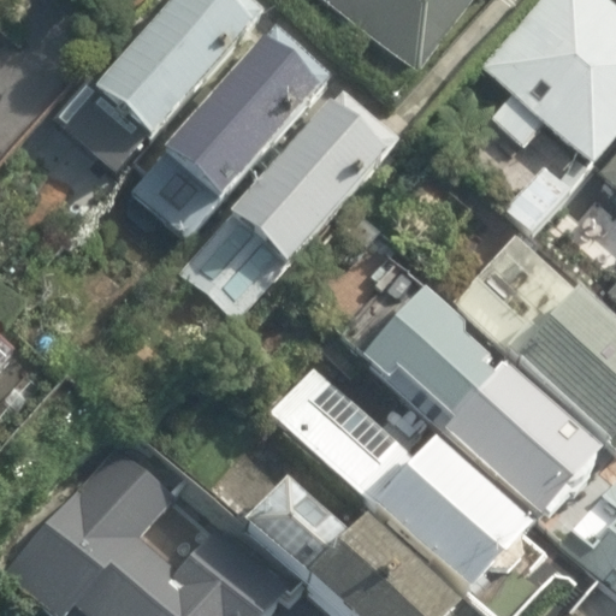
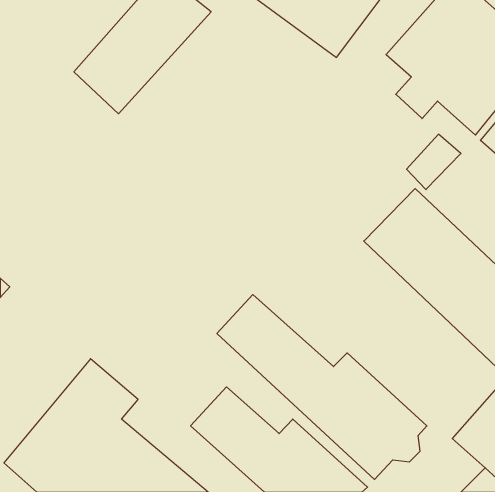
building: [130,26,332,238] -> none
building: [188,88,399,322] -> none
building: [361,286,599,515] -> none

